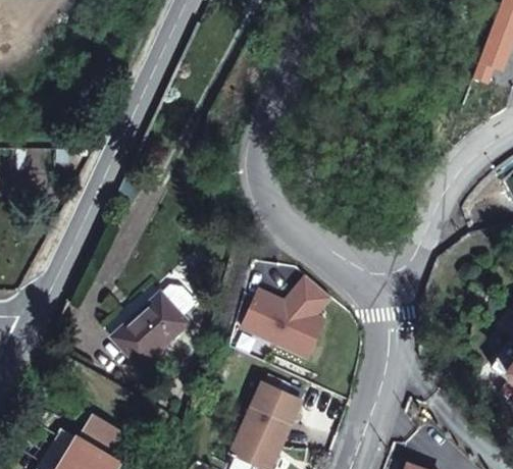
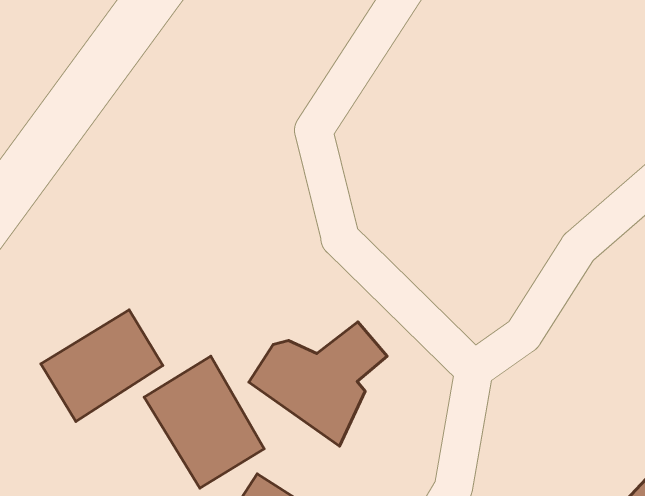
building: none -> [144,356,264,488]

